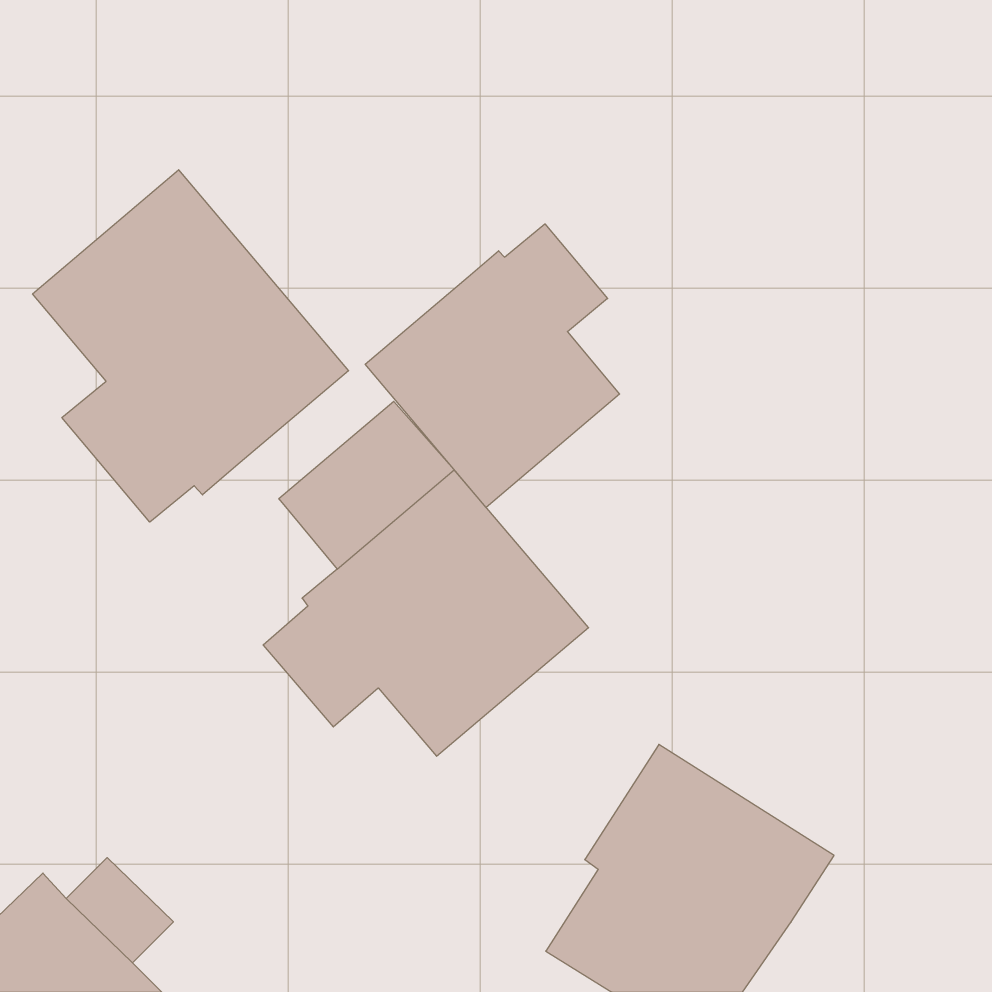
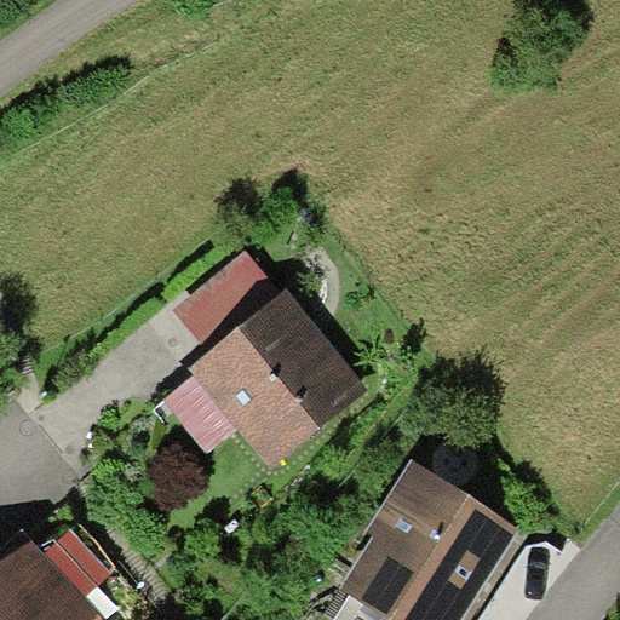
building: [33,170,349,522] -> none
building: [365,224,620,507] -> none

